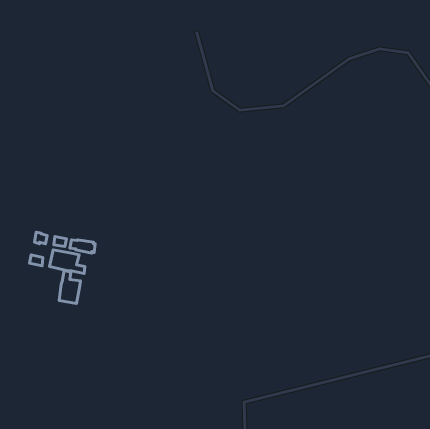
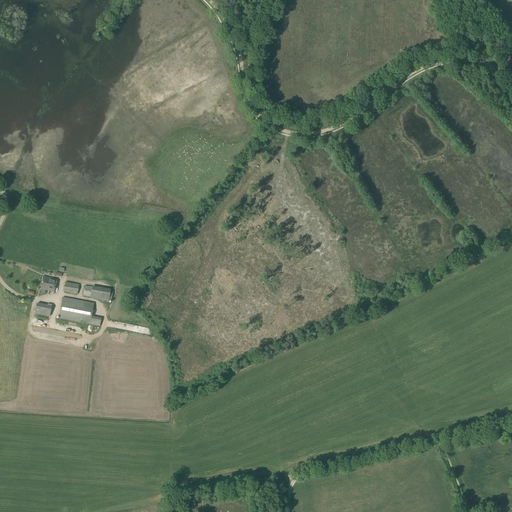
building: [59,271,80,303] -> none

